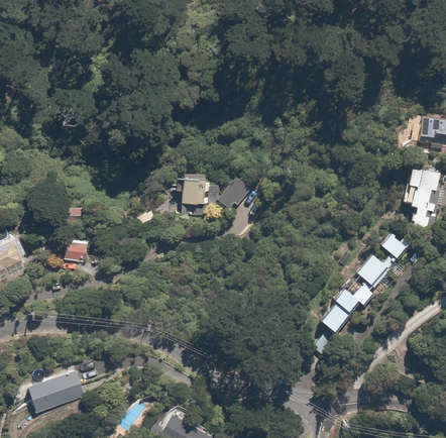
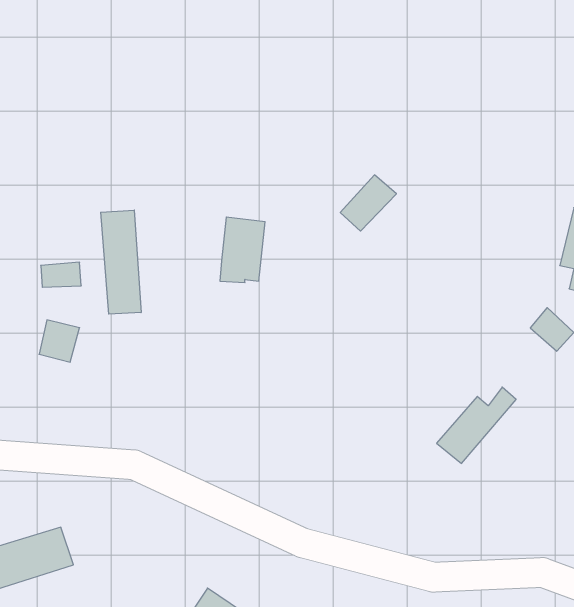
building: none -> [101,210,141,314]
building: [214,176,250,212] -> [340,175,396,231]
building: [355,251,395,287] -> none

